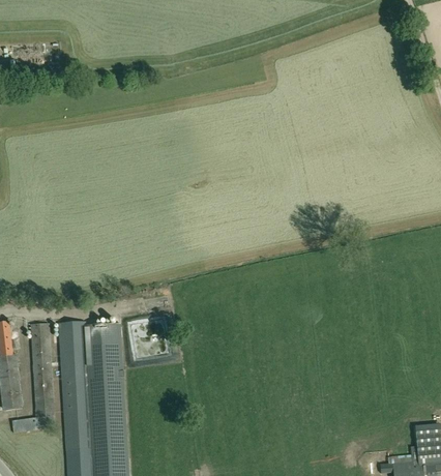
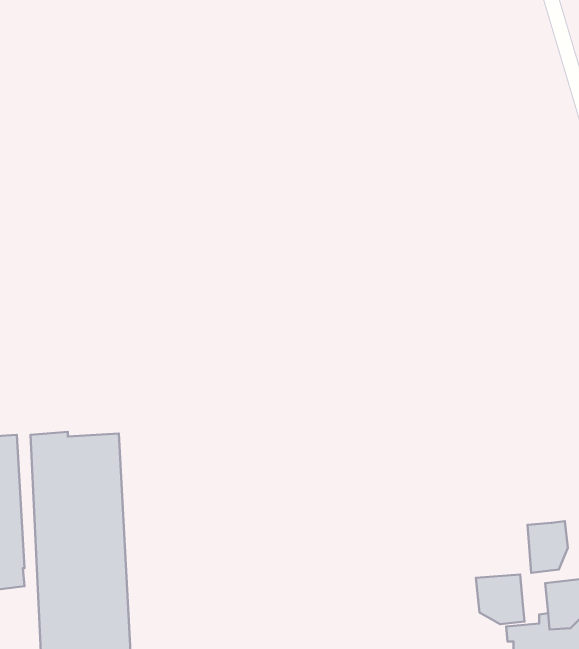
building: none -> [527,521,568,573]
building: none -> [476,574,525,624]

